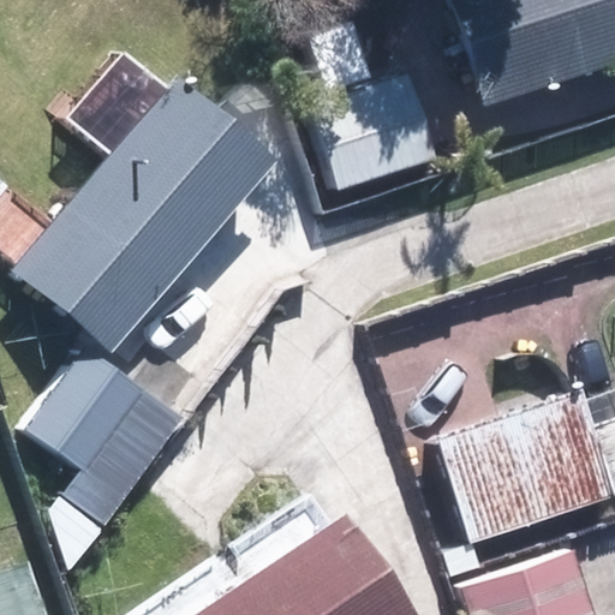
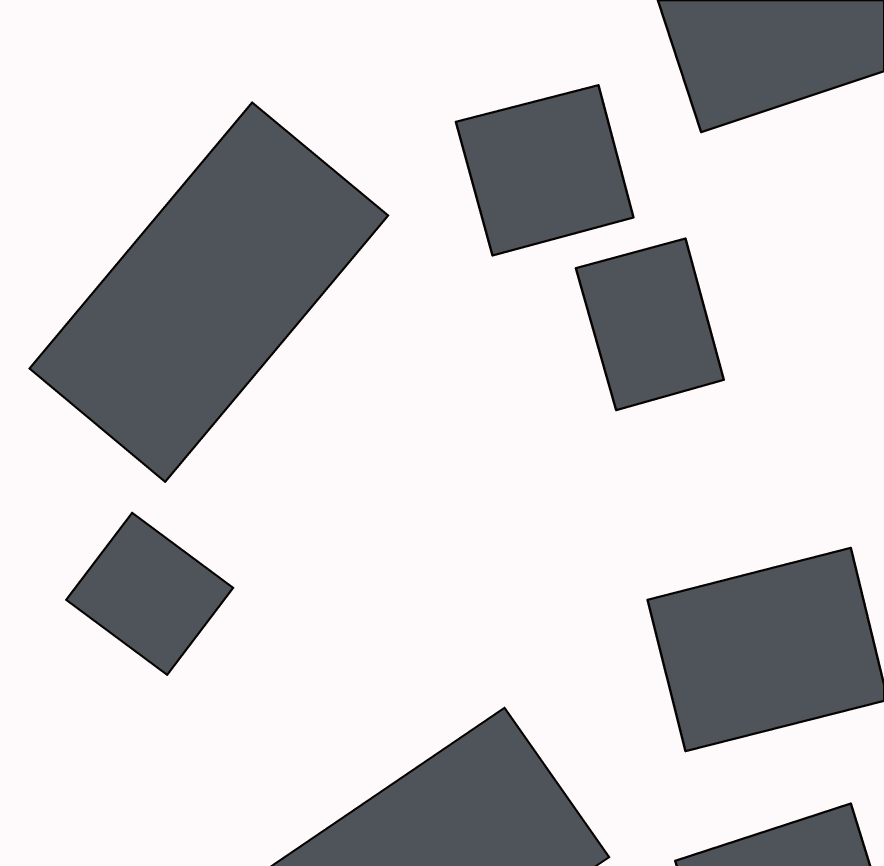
building: none -> [576,238,724,410]

